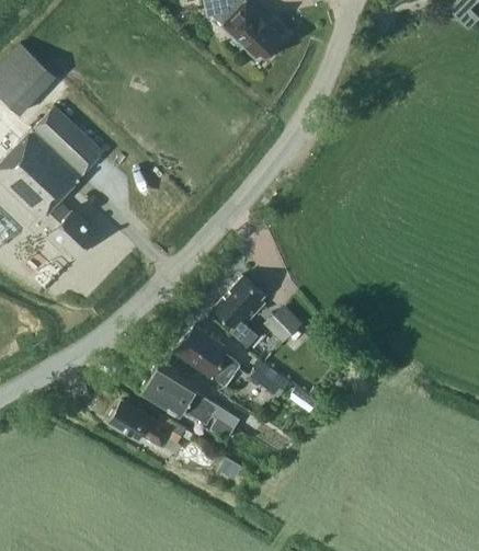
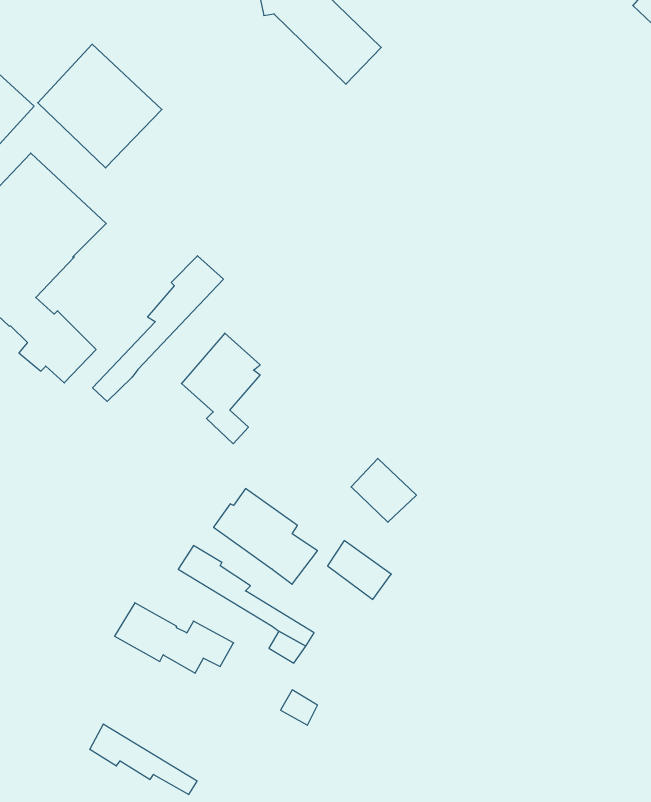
building: none -> [38,44,162,168]
building: none -> [93,256,223,401]
building: [214,275,265,347] -> [181,333,260,444]
building: [142,378,213,424] -> [90,724,197,795]

